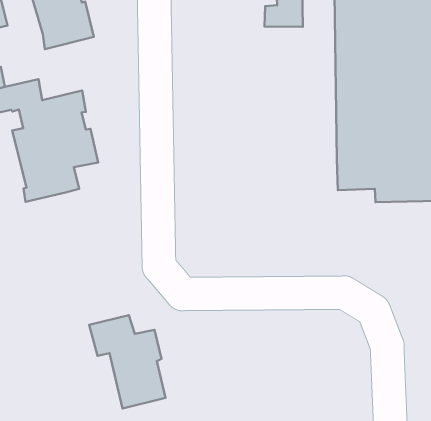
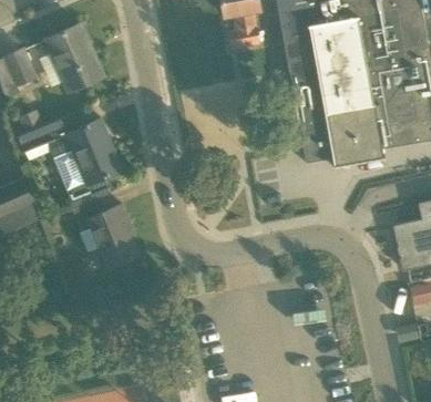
building: [89,315,165,408] -> [72,197,138,268]

